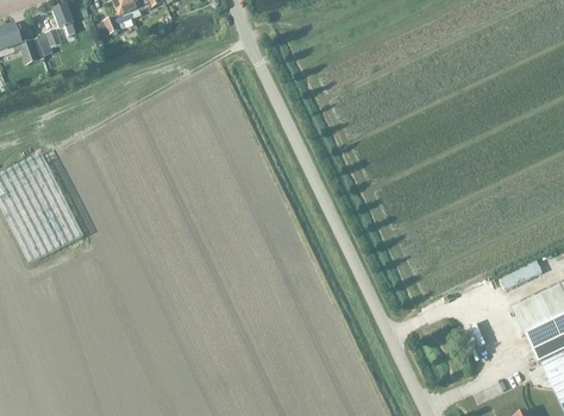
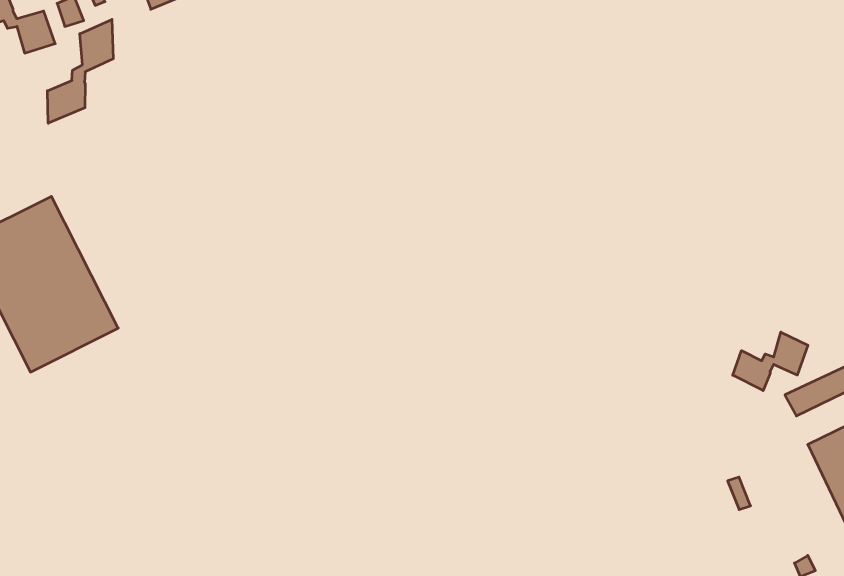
building: none -> [47,19,113,123]
building: none -> [733,332,808,391]

